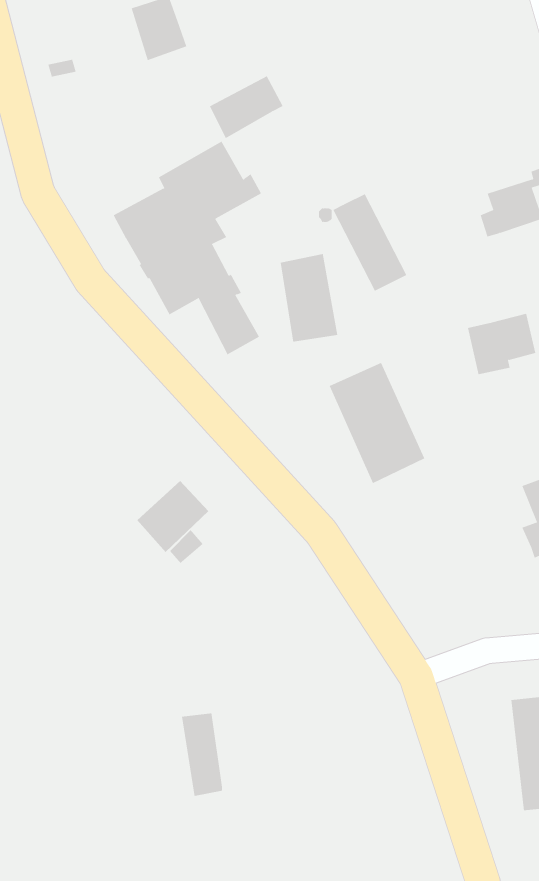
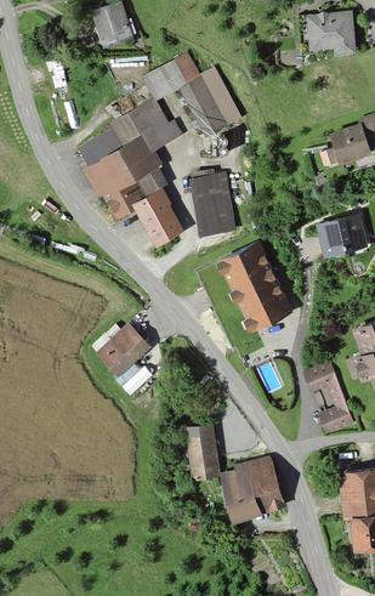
building: none -> [297,13,352,51]
building: [333,193,407,291] -> [188,68,238,134]
building: none -> [305,362,353,431]
building: none -> [221,461,283,518]
building: [181,713,223,796] -> [188,425,216,481]

